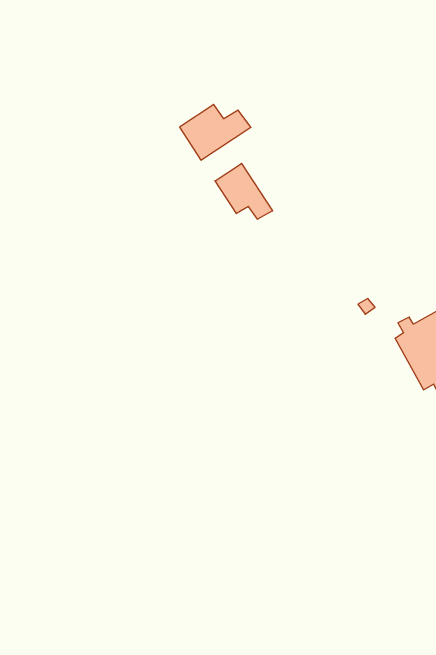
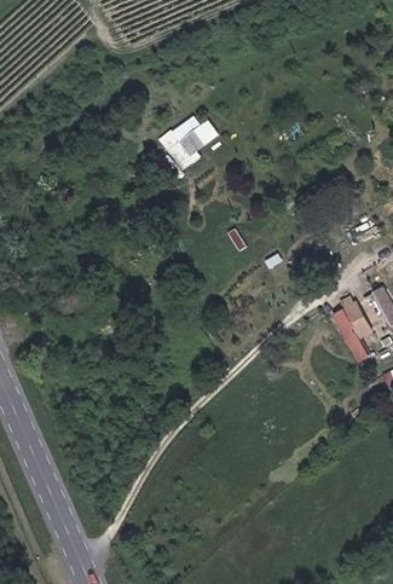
building: [215,163,273,219] -> none

